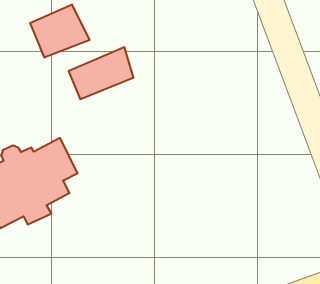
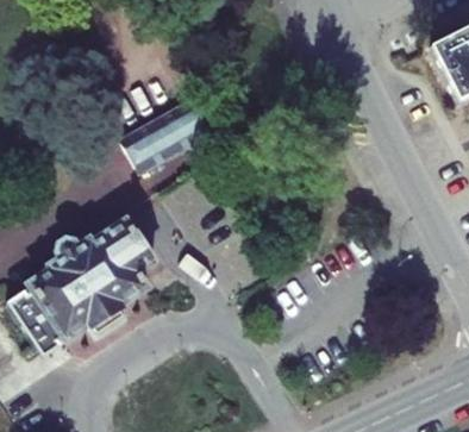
building: [30,4,90,58] -> none

